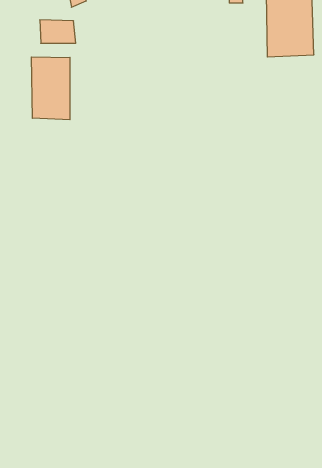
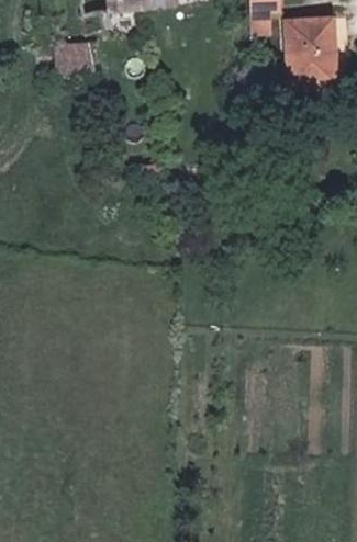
building: [32,57,70,120] -> none

